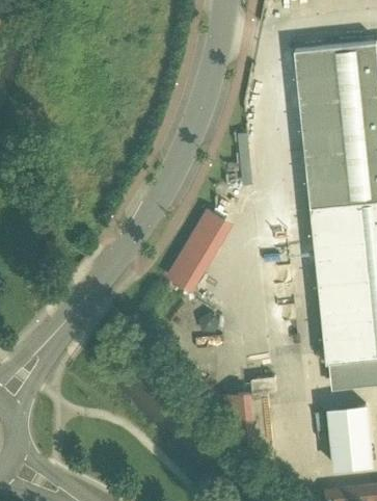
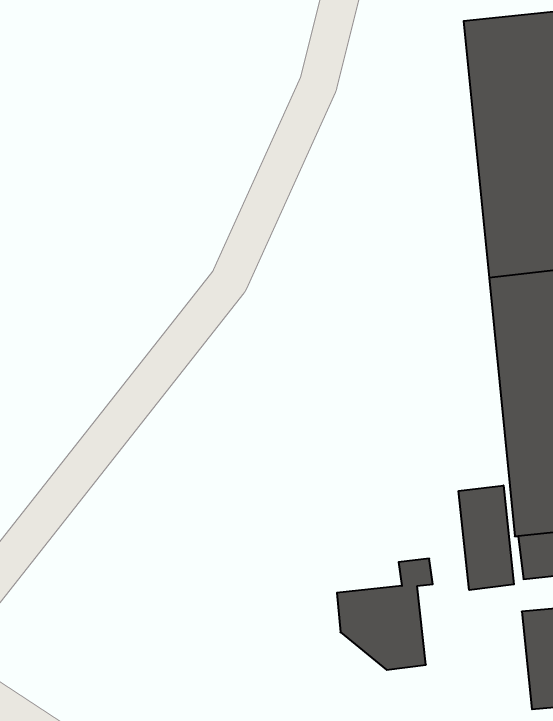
building: [170,211,224,287] -> none
building: none -> [459,485,514,590]

